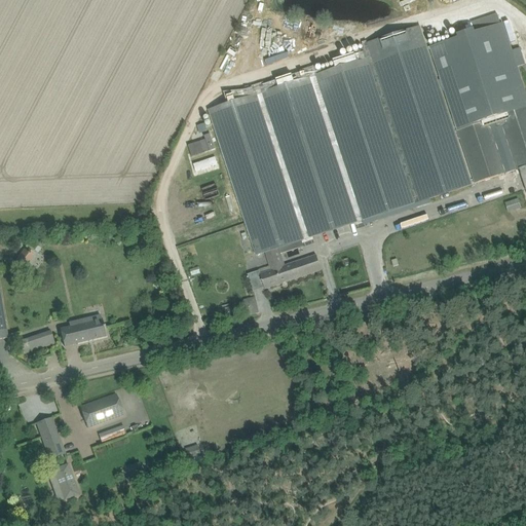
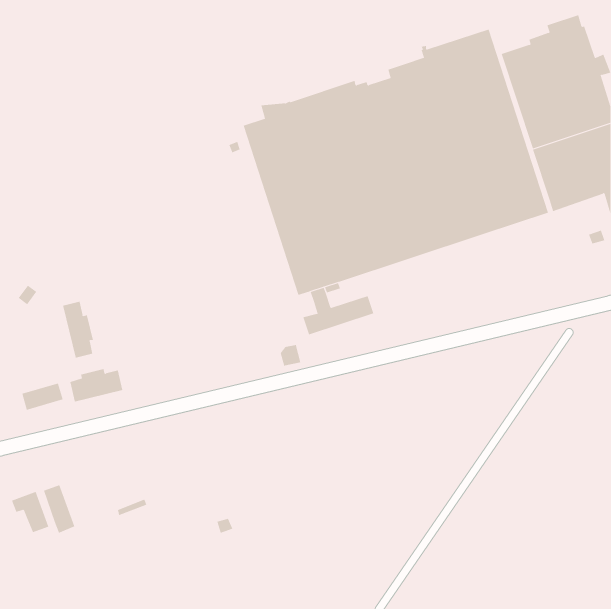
building: none -> [63,301,93,359]
building: [80,392,123,426] -> none
building: [46,462,79,498] -> [11,491,49,533]

